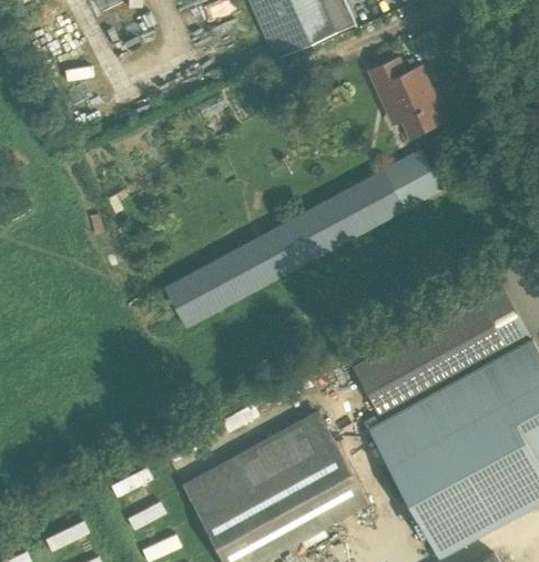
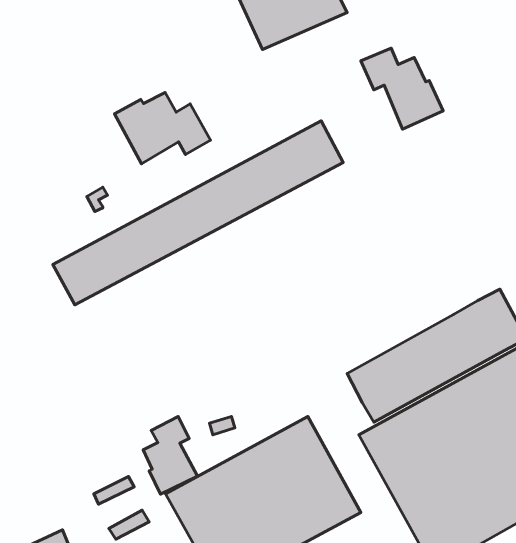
building: none -> [114,92,211,164]
building: [164,151,443,327] -> [53,121,343,305]
building: none -> [143,416,197,494]

